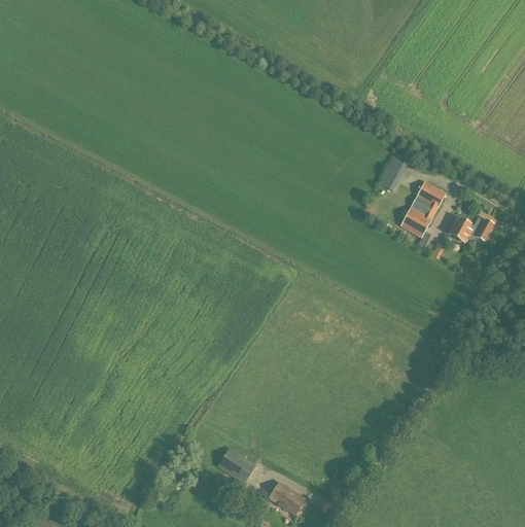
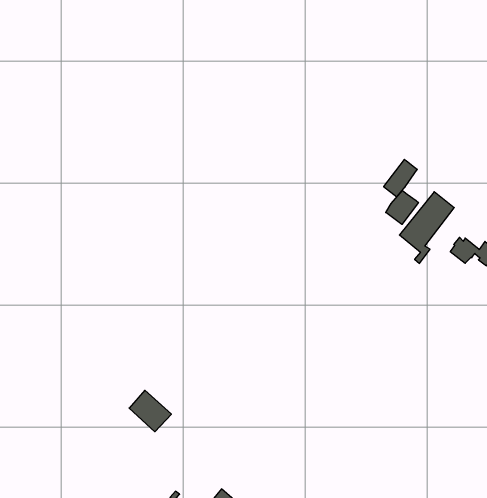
building: none -> [386,191,418,224]
building: [217,448,256,484] -> [129,390,171,432]

